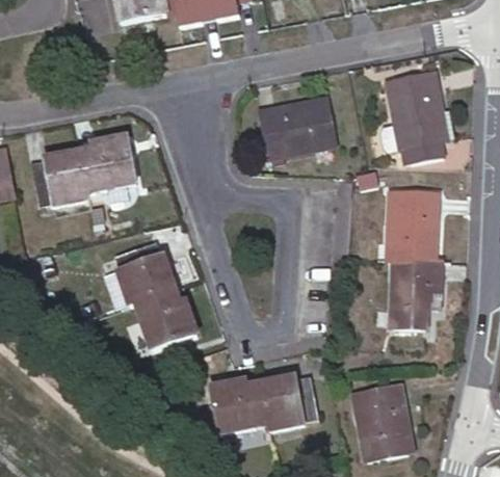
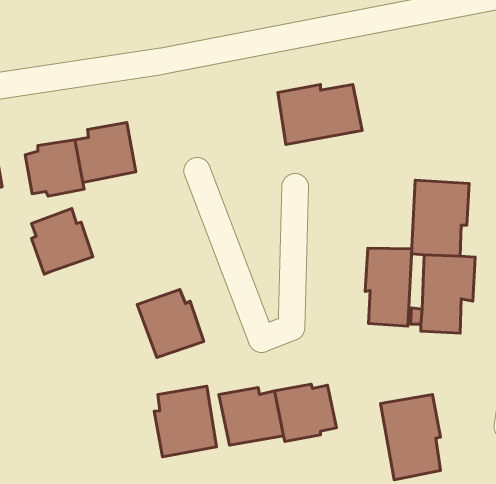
building: [388,72,454,150] -> none
building: [120,246,175,306] -> [32,208,93,274]
building: none -> [365,248,412,326]
building: none -> [154,386,216,457]

